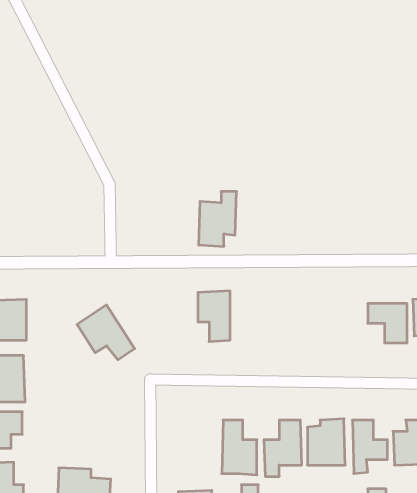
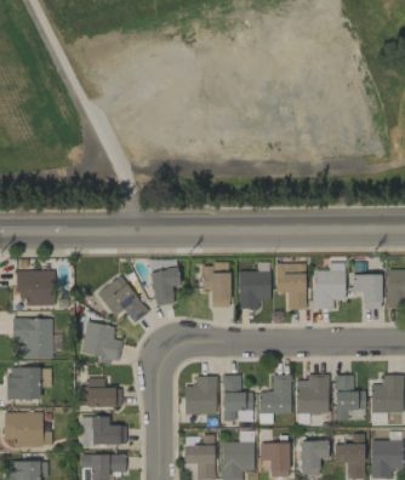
building: [199,192,237,246] -> [239,262,272,309]
building: none -> [313,262,346,308]
building: none -> [276,263,307,309]
building: none -> [152,268,181,305]
building: none -> [79,319,124,364]
building: none -> [184,376,217,413]
building: none -> [87,378,121,406]

